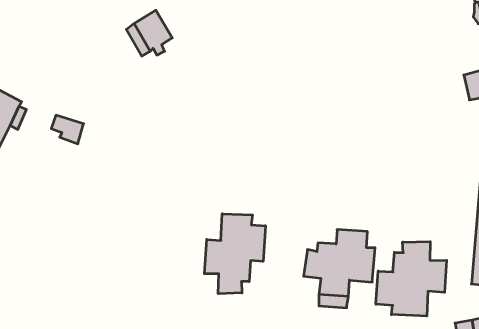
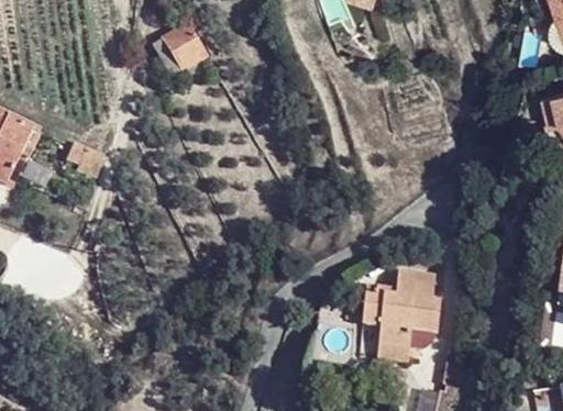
building: [204,214,265,294] -> none
building: [376,242,447,316] -> none

